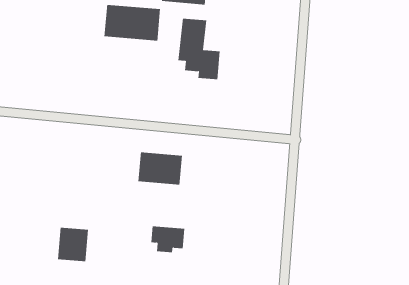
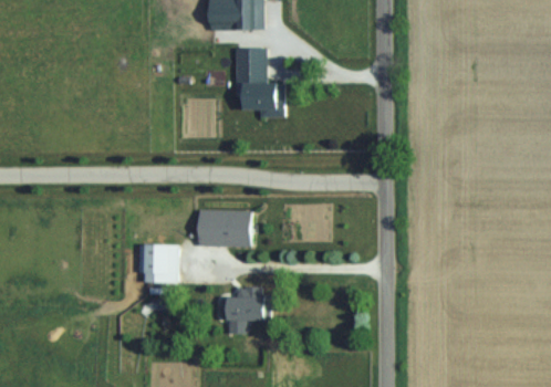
building: [104,4,161,41] -> none
building: [57,227,89,262] -> [142,244,176,283]

